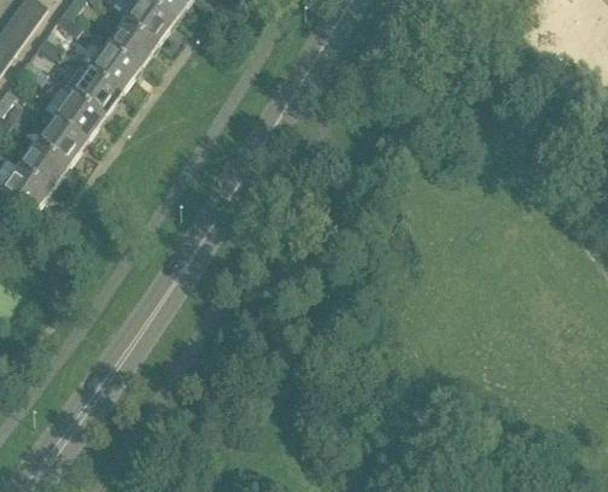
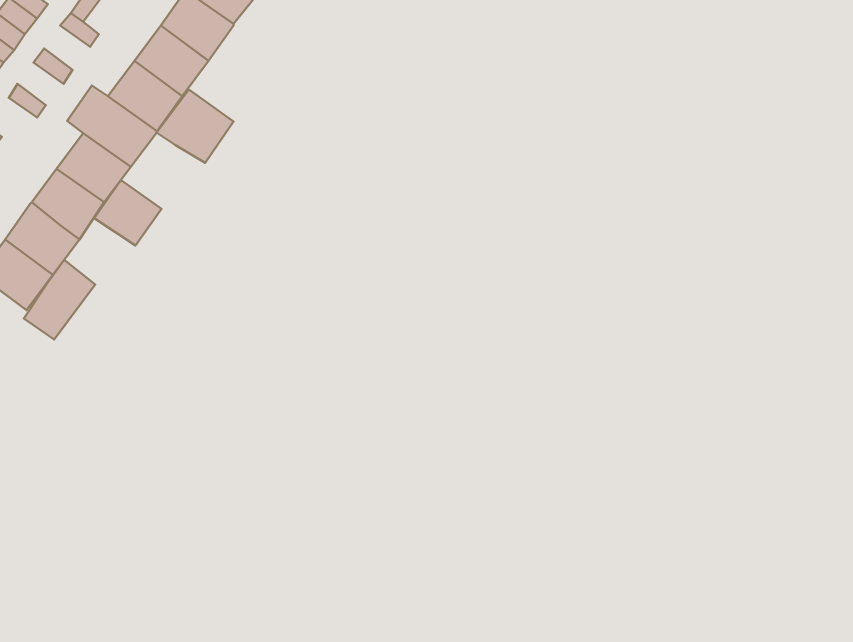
building: none -> [157,89,234,163]
building: none -> [94,181,161,245]
building: none -> [24,260,95,340]

